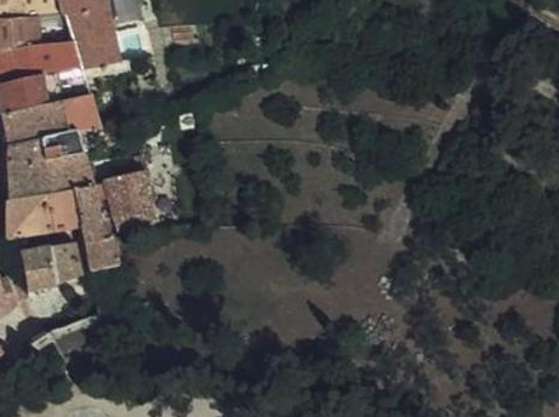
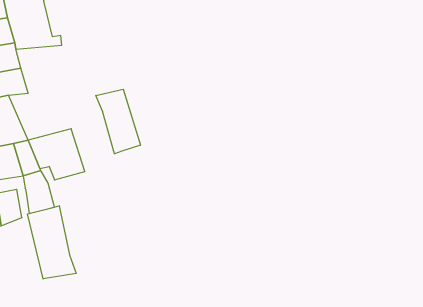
building: none -> [96,89,140,154]
building: none -> [28,206,76,279]

